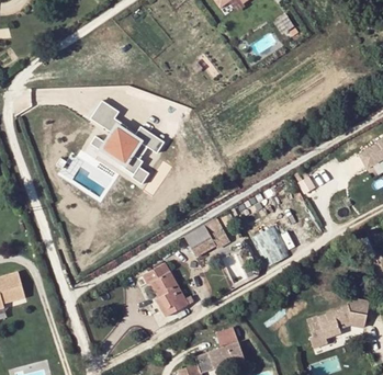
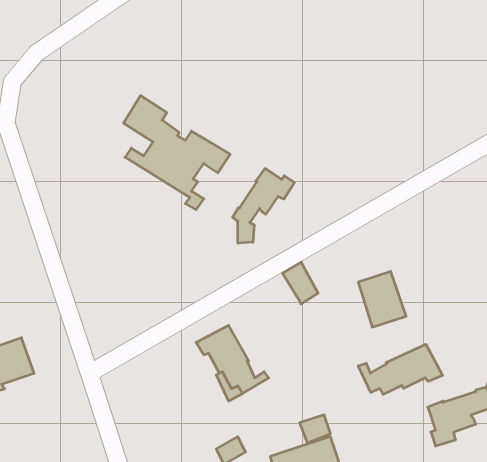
building: none -> [233,169,294,243]
building: [184,226,215,257] -> none
building: none -> [358,344,443,394]

